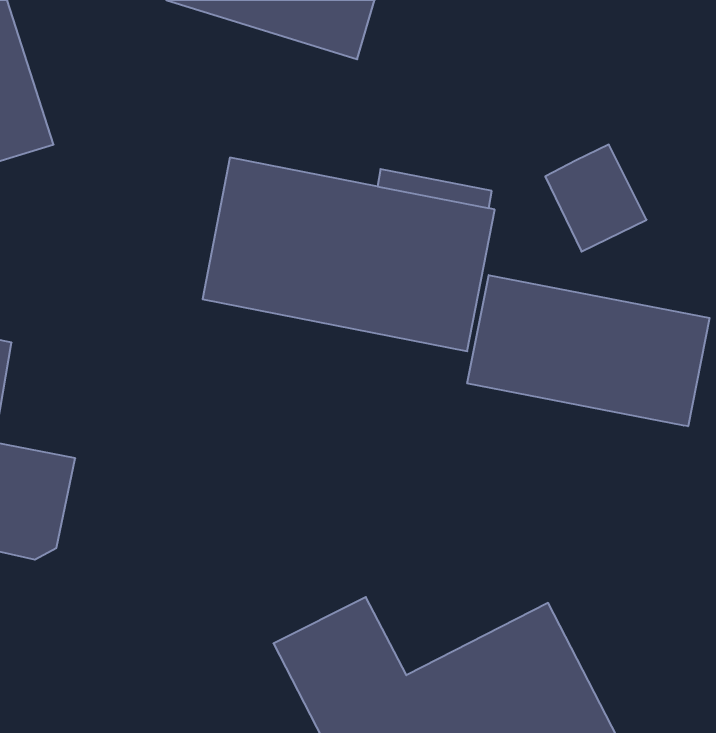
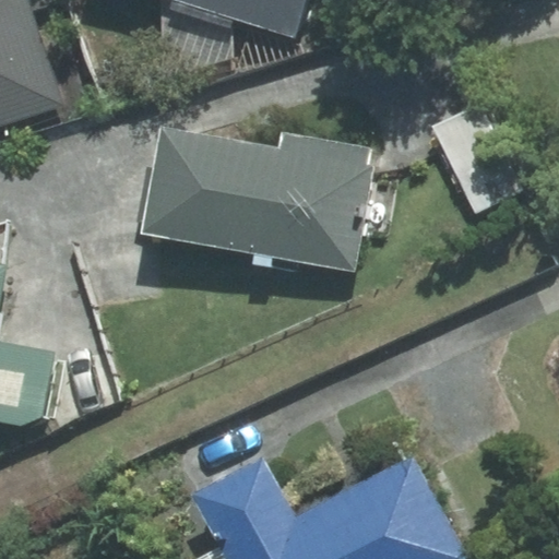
building: [467,275,710,426] -> none

